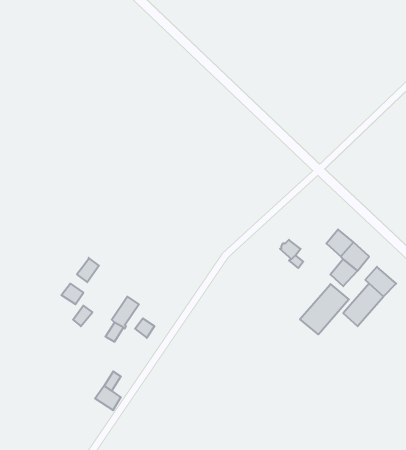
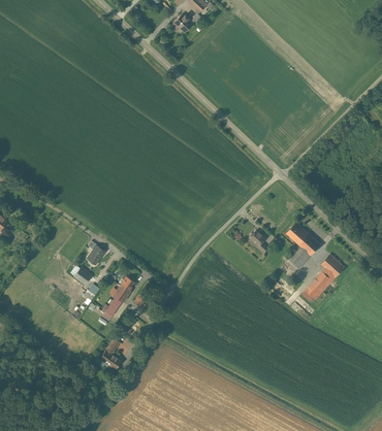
building: [300,284,349,334] -> none

